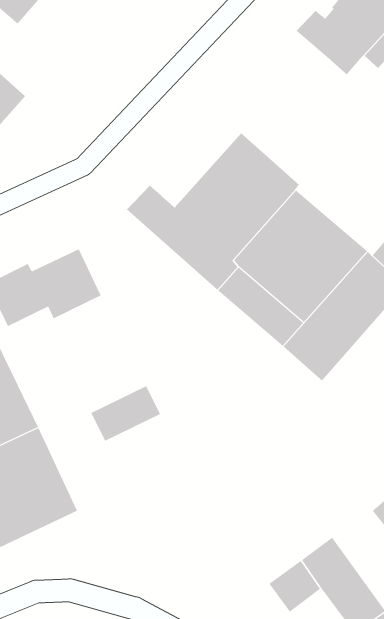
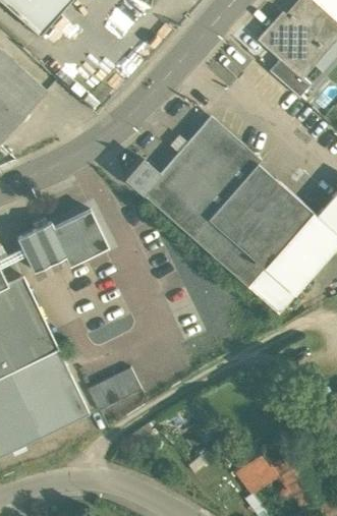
building: none -> [269,58,311,97]
building: [90,386,161,442] -> [86,367,141,411]

